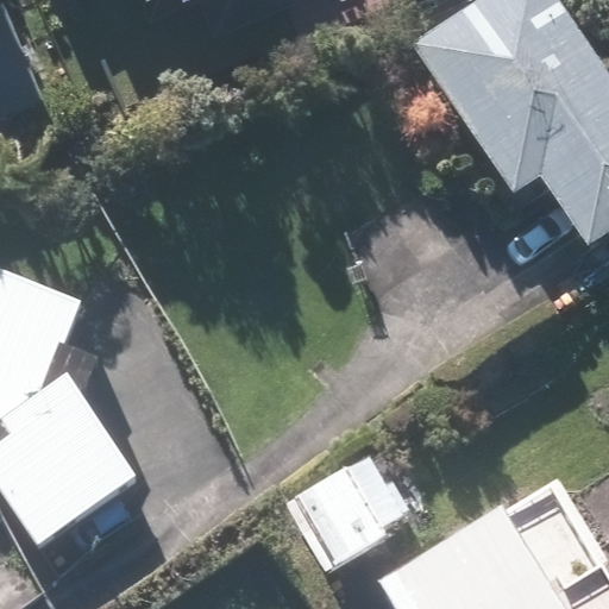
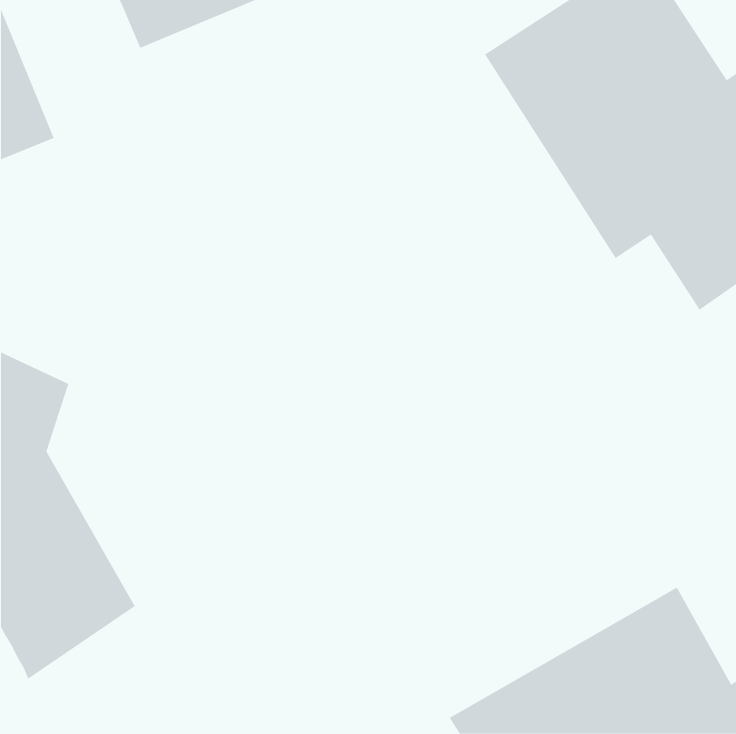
building: [287,434,422,569] -> none

